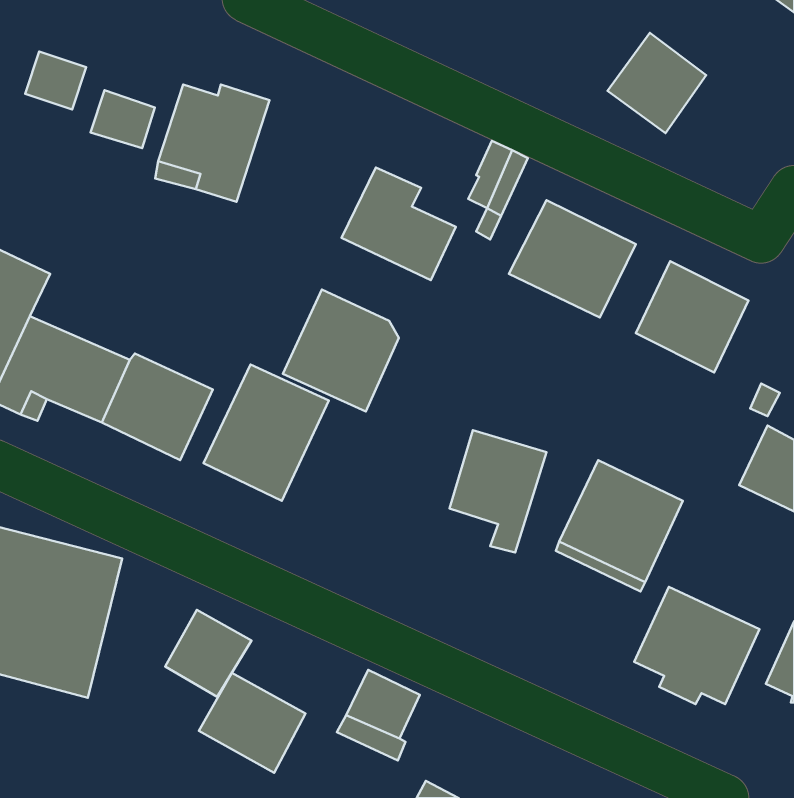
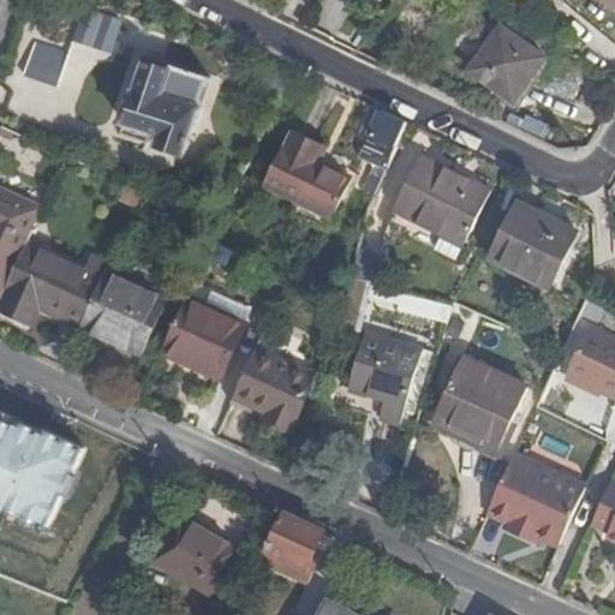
building: [91,90,155,148] -> [71,7,120,52]
building: [283,289,399,411] -> [231,332,320,425]
building: [165,610,252,697] -> none

